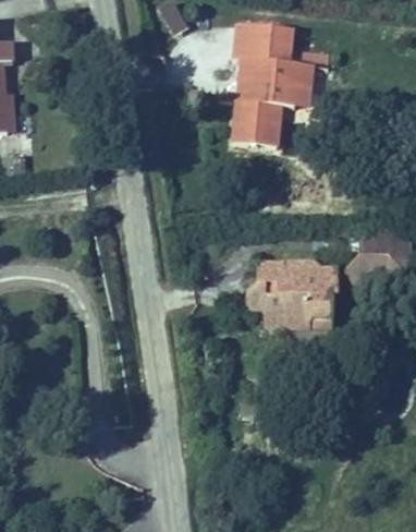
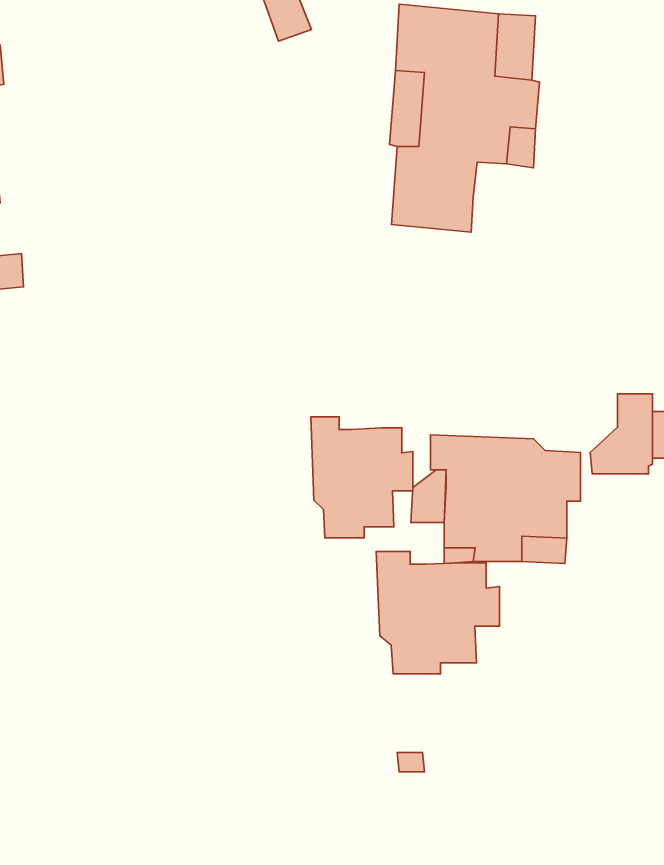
building: none -> [311,417,413,538]
building: none -> [376,552,499,674]

